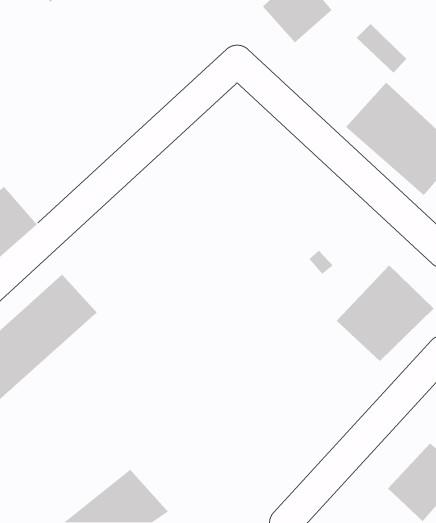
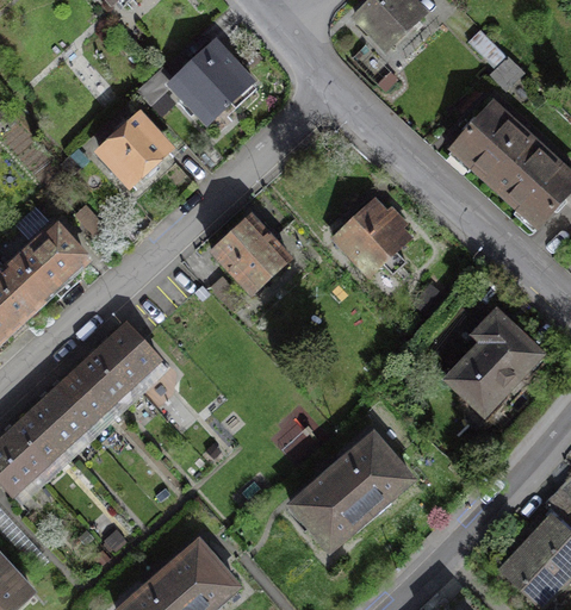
building: none -> [166,33,263,130]
building: none -> [93,111,174,192]
building: none -> [328,197,415,284]
building: none -> [212,214,292,294]
building: none -> [288,431,409,548]

